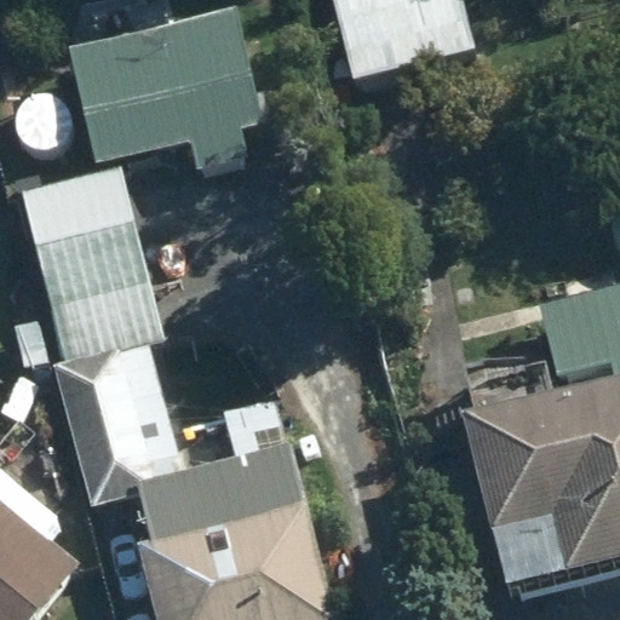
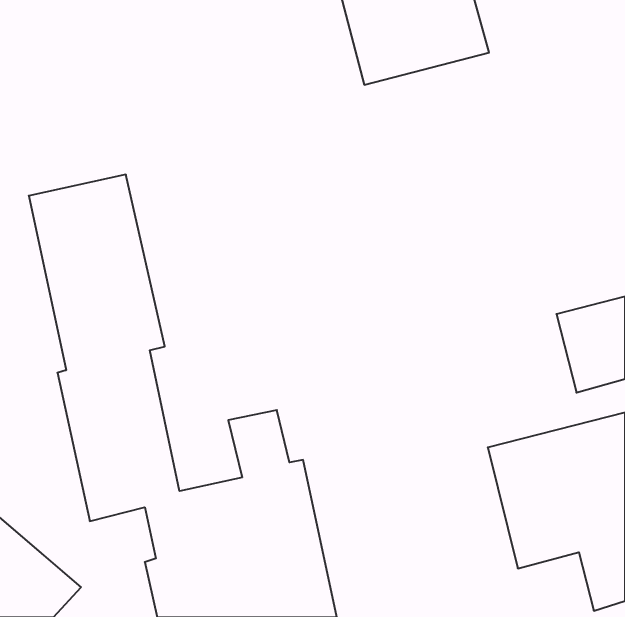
building: [70,15,268,170] -> none

